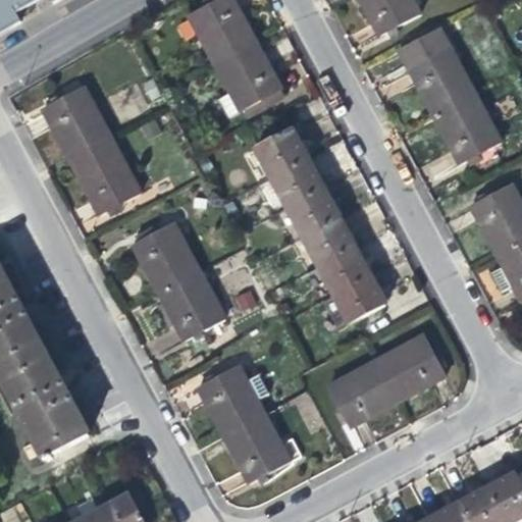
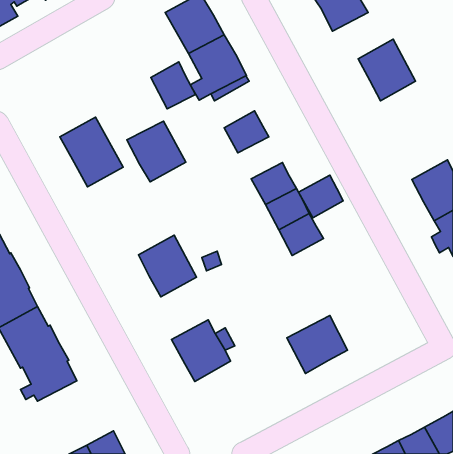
building: [398,25,449,67] -> none
building: none -> [151,62,195,109]
building: [43,86,109,156] -> none
building: [434,93,501,162] -> none
building: [271,156,322,204] -> none
building: [132,221,199,291] -> [127,121,186,182]
building: [333,272,384,321] -> [299,175,343,218]
building: [376,334,445,400] -> none
building: [222,412,290,482] -> none

